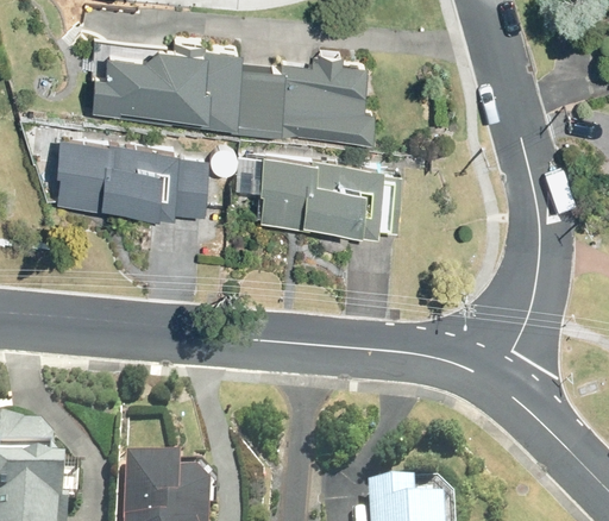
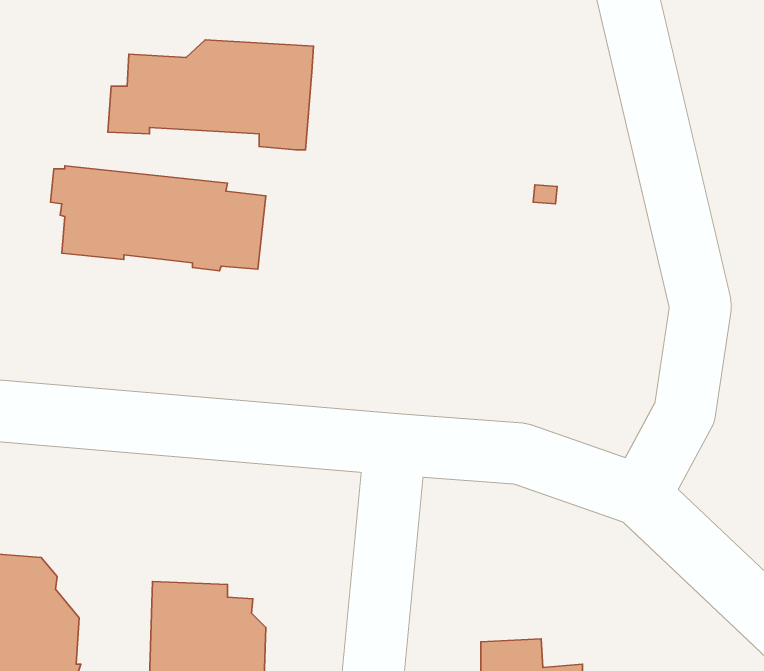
building: [232,57,376,143] -> none
building: [236,159,401,238] -> none

